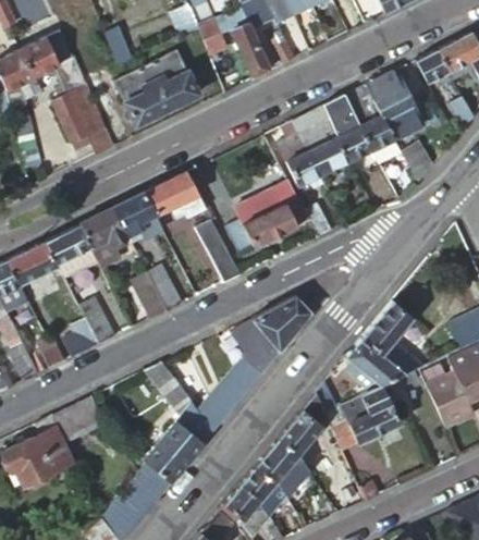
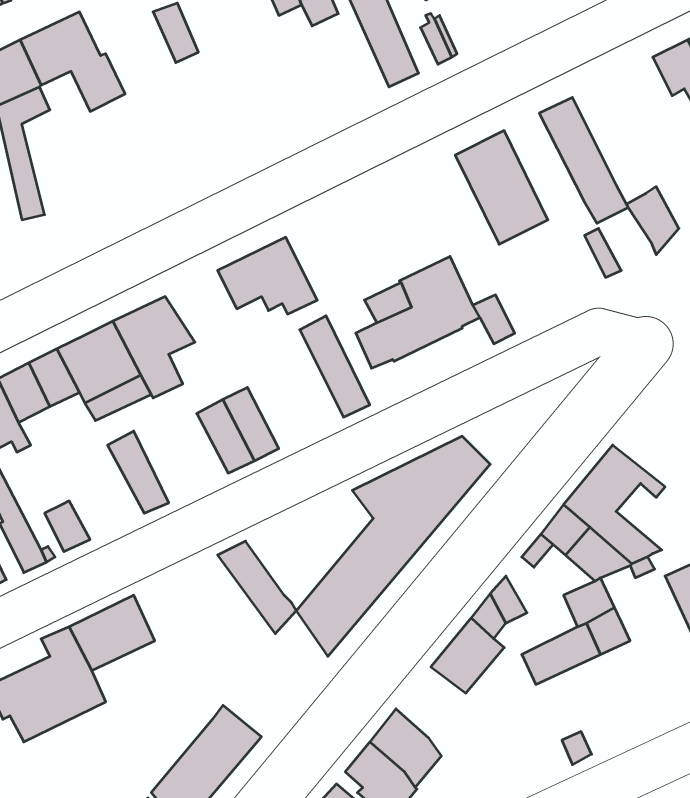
building: [113,49,198,125] -> none
building: [366,70,423,139] -> none
building: [52,83,115,154] -> none
building: [323,95,373,161] -> none
building: [279,121,320,186] -> none
building: [112,193,163,238] -> none
building: [63,291,99,358] -> none
building: [146,405,213,483] -> none
building: [256,440,308,496] -> none

